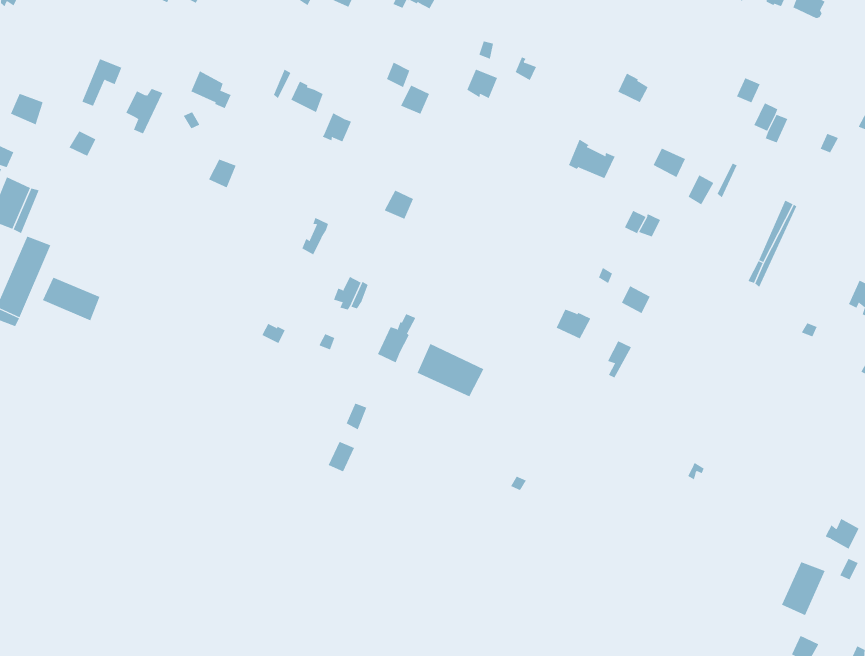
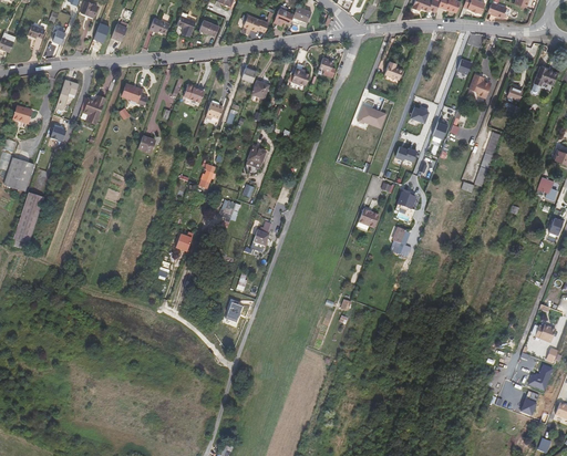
building: [42,277,100,321] -> none
building: [417,343,484,397] -> none

